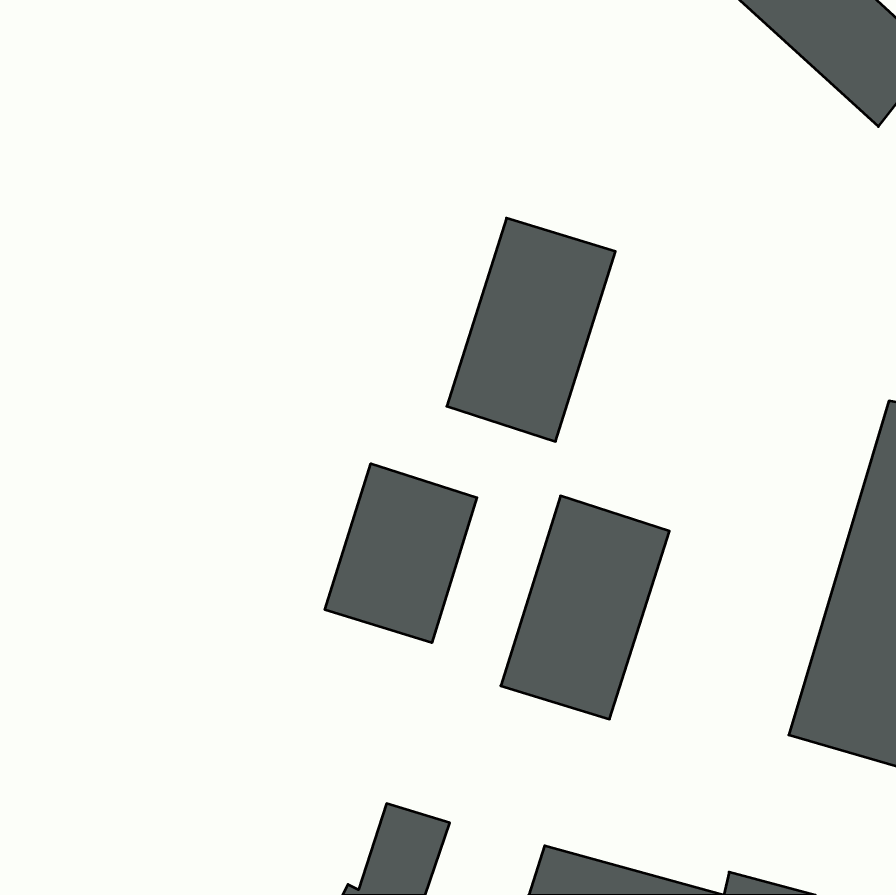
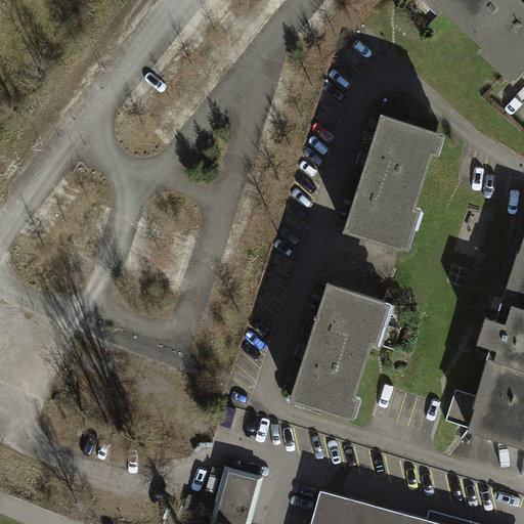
building: [447,218,615,441] -> [343,124,441,254]
building: [325,464,477,643] -> none

